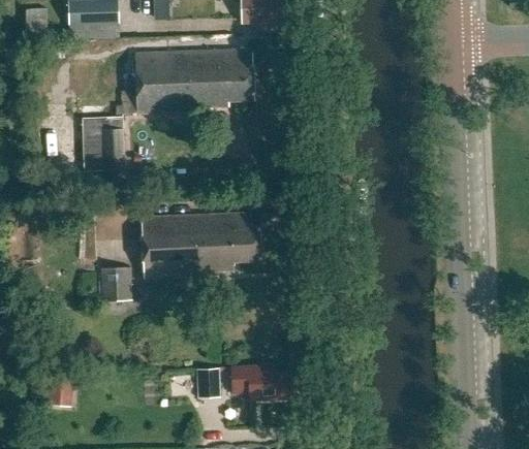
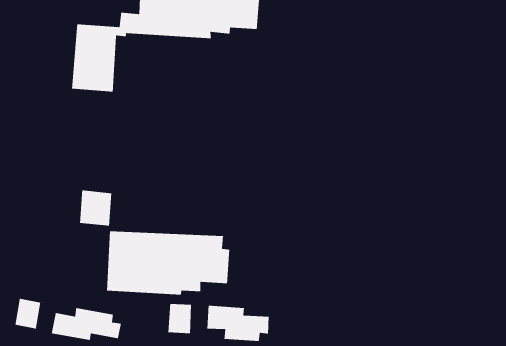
building: [143,211,262,276] -> [106,231,230,296]
building: none -> [51,307,122,341]

